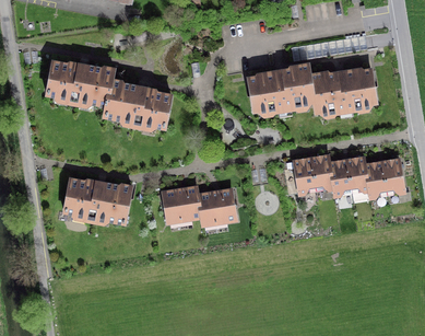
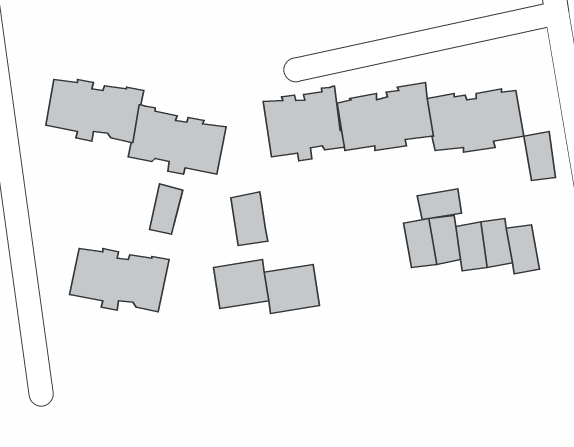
building: none -> [263,86,344,161]
building: none -> [149,184,183,234]
building: none -> [417,189,462,220]
building: none -> [231,192,268,245]
building: [381,159,403,193] -> [524,132,555,181]

